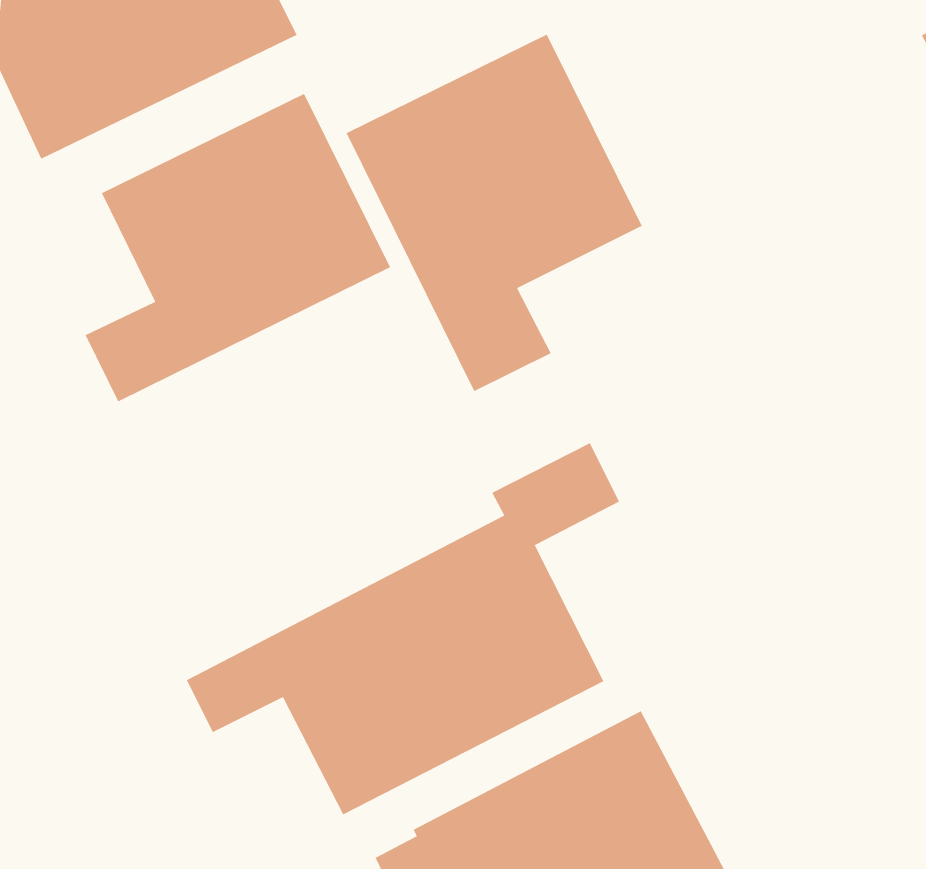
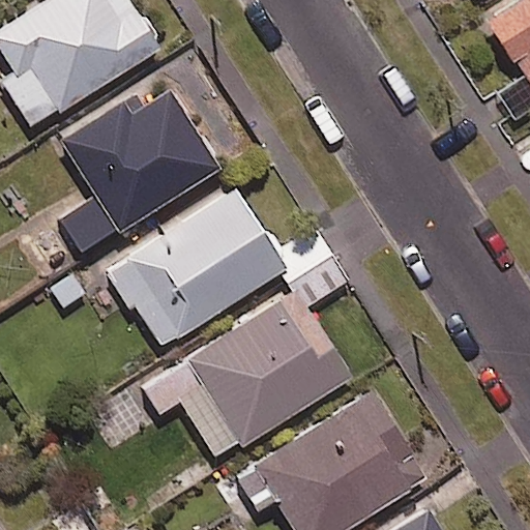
building: [346,33,643,392] -> none
building: none -> [109,188,285,349]

